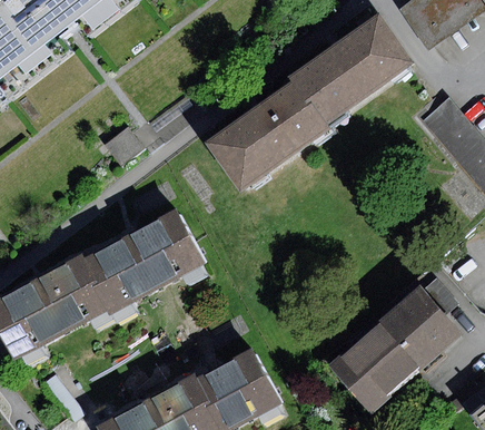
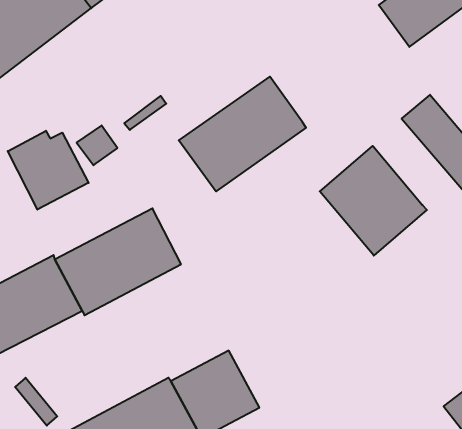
building: [290,13,412,124] -> none
building: none -> [8,131,89,210]
building: none -> [320,146,427,256]
building: [329,285,458,410] -> none

